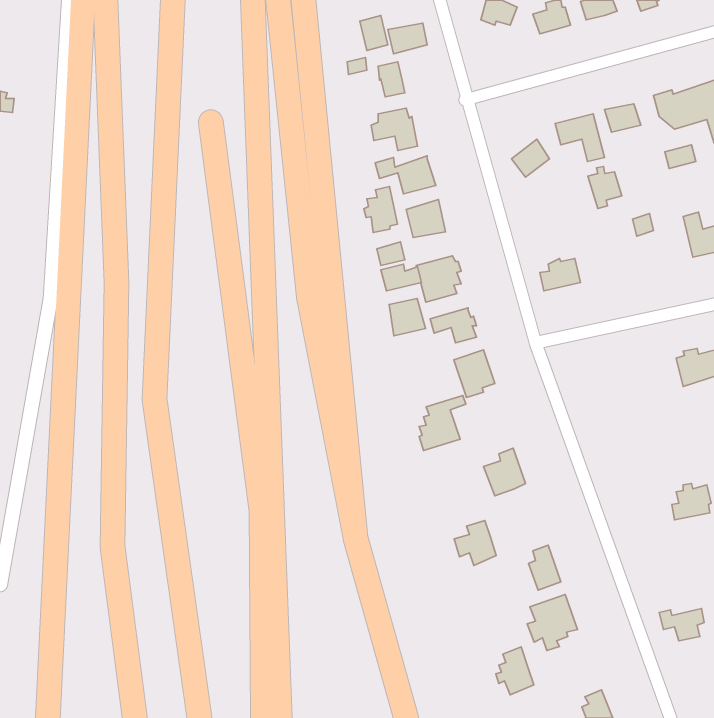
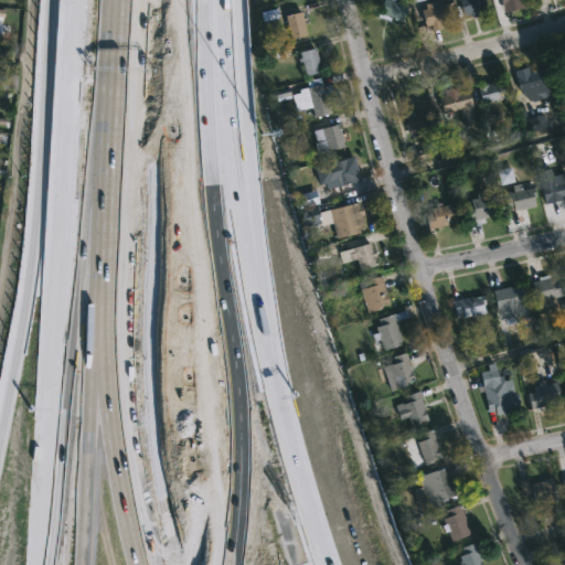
building: [388,23,427,54] -> none
building: [588,166,622,209] -> [471,191,498,224]
building: [364,187,398,232] -> none
building: none -> [504,183,539,211]
building: [389,299,426,336] -> none
building: none -> [493,285,529,323]
building: none -> [454,294,490,319]
building: [419,396,466,450] -> [373,309,409,352]
building: none -> [481,362,521,417]
building: [454,520,496,565] -> [397,391,430,426]
building: [496,647,534,695] -> [441,504,471,542]

